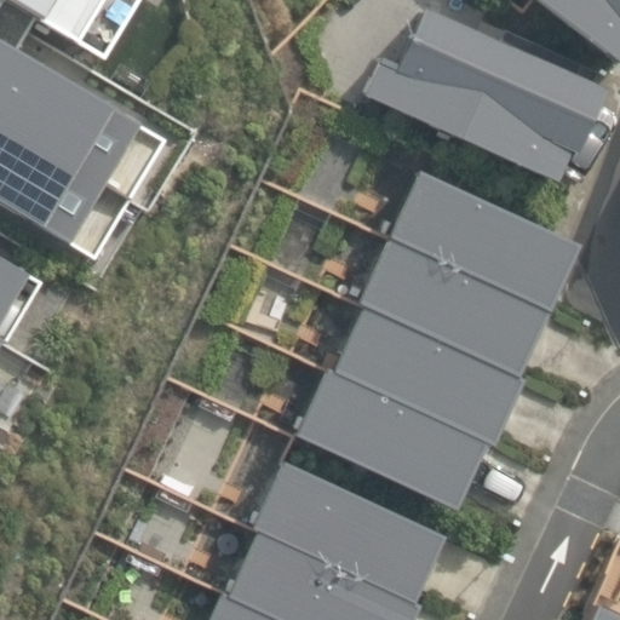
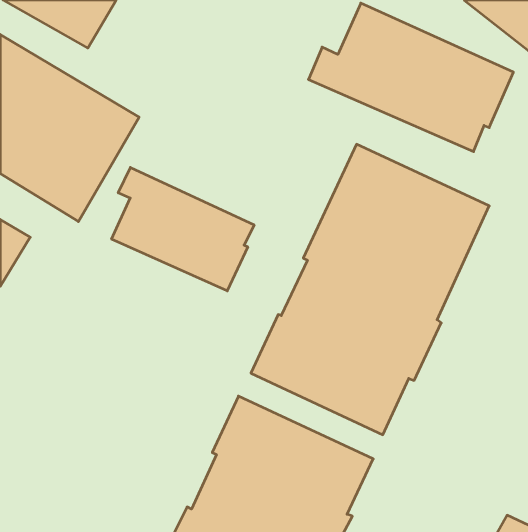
building: none -> [112,167,254,291]

